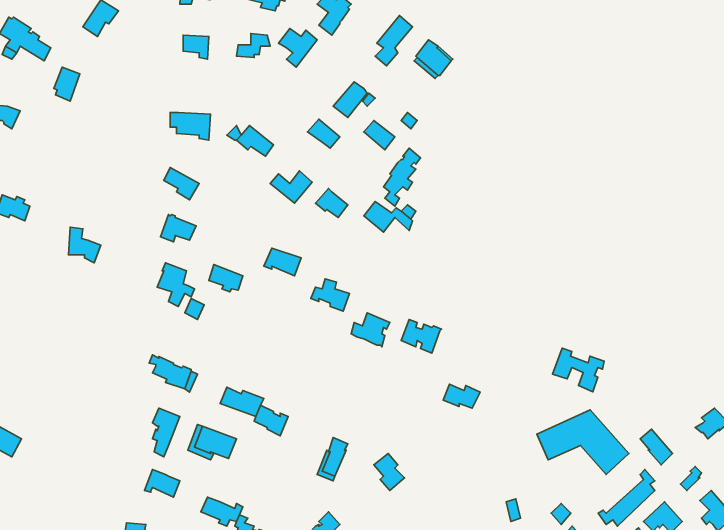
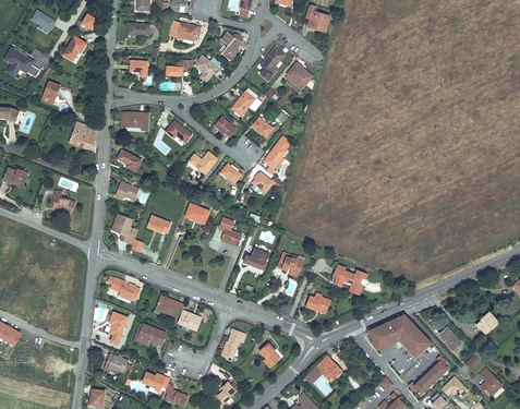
building: none -> [69,122,96,149]
building: [553,348,604,392] -> [331,265,366,294]
building: none -> [305,356,341,384]

